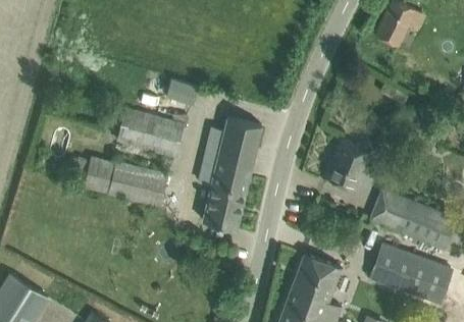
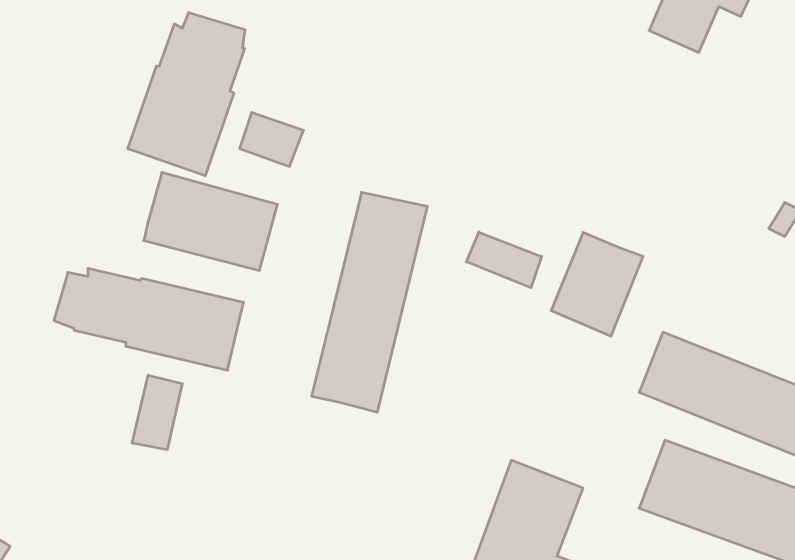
building: none -> [128,12,245,176]
building: none -> [466,232,542,288]
building: none -> [132,375,182,450]

